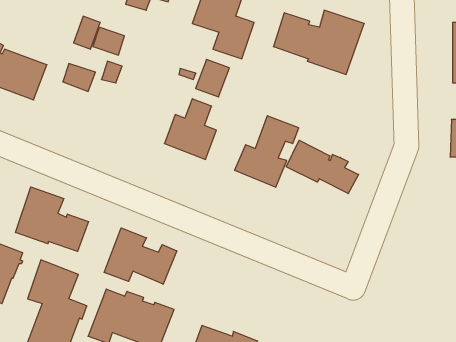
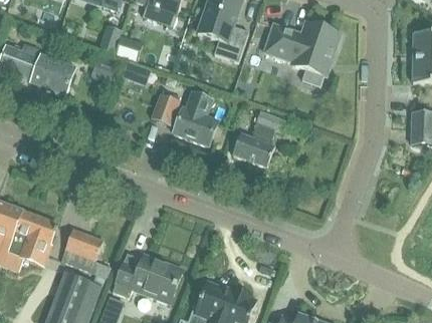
building: [196,59,229,97] -> [152,93,180,124]
building: [286,140,359,194] -> none
building: [16,187,88,251] -> none
building: [104,228,177,284] -> none

